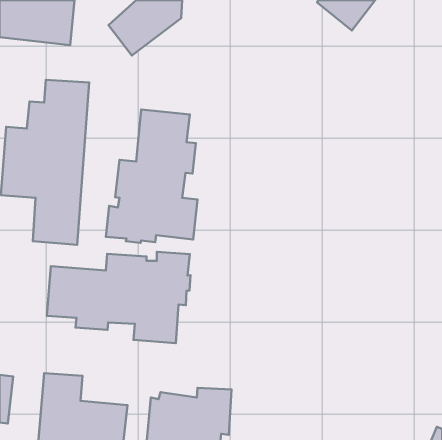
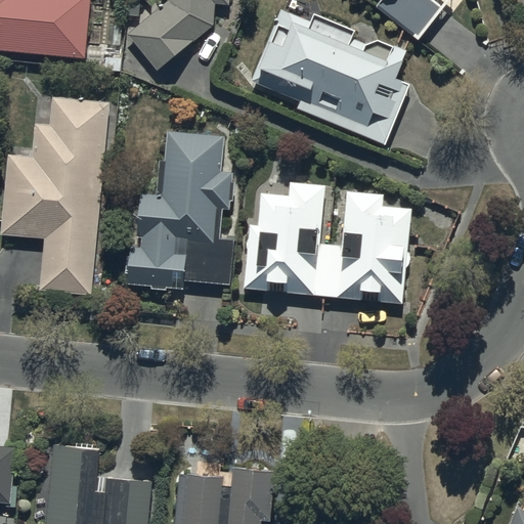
building: none -> [249,8,408,144]
building: none -> [243,183,412,304]
building: [47,252,190,343] -> none

